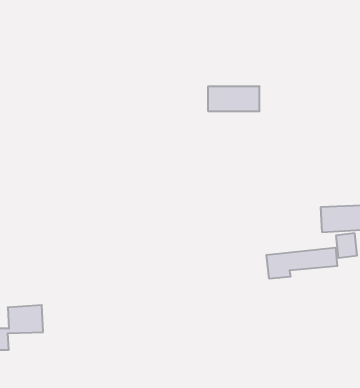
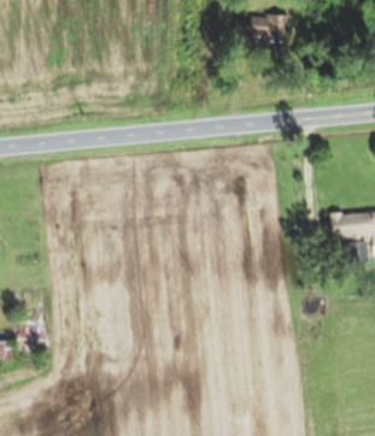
building: [208,86,260,111] -> [238,16,291,41]
building: [267,248,337,279] -> none

